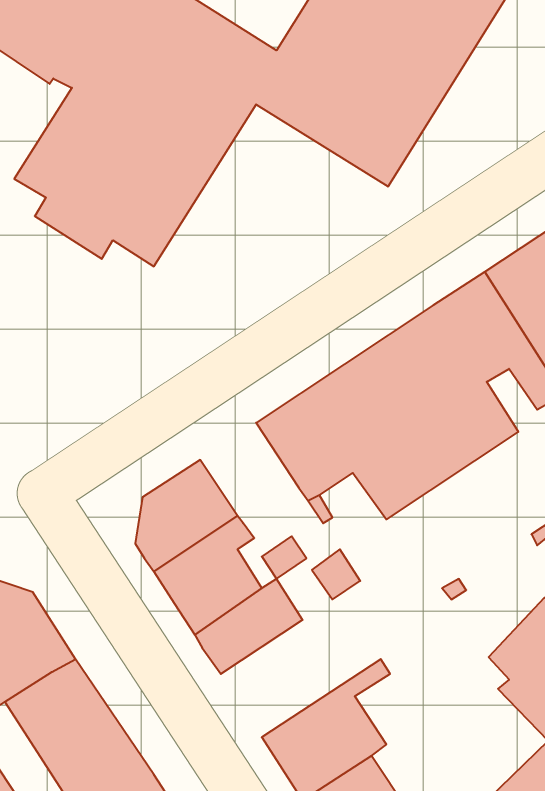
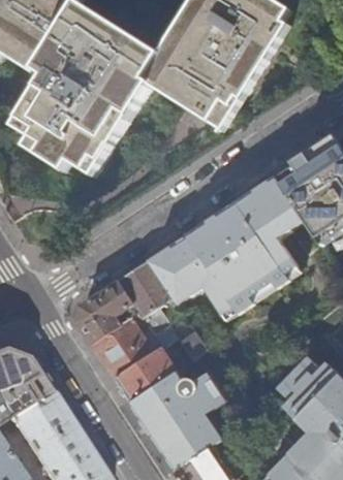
building: none -> [117,259,172,315]
building: none -> [128,369,217,434]

